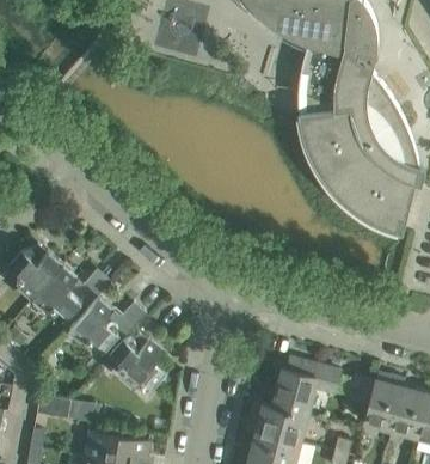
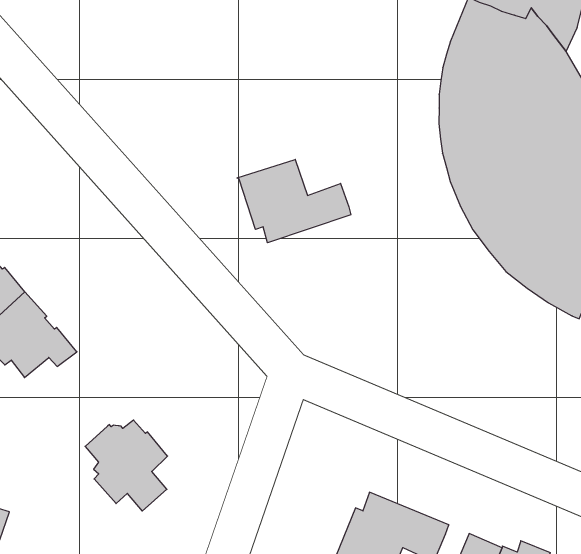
building: none -> [237,159,351,243]
building: [69,297,146,348] -> none

